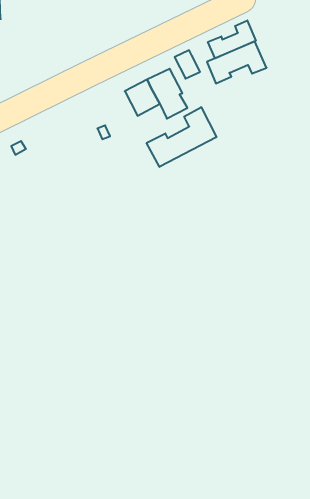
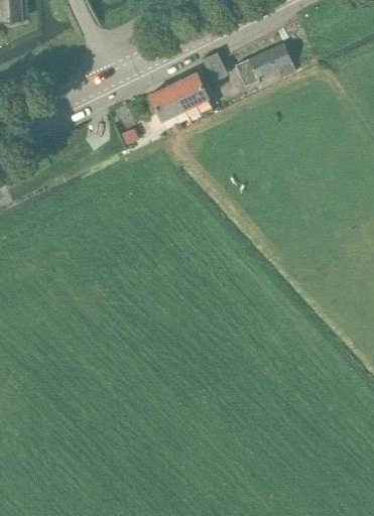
building: [208,20,256,58] -> none
building: [147,107,216,167] -> none

